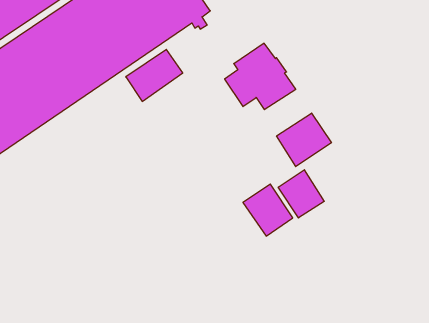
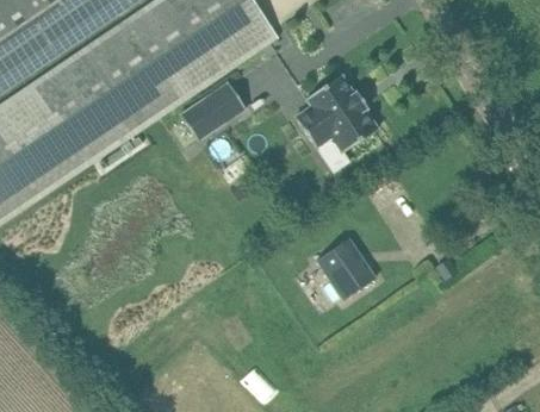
building: [277,113,331,167] -> none
building: [278,170,324,218] -> none

